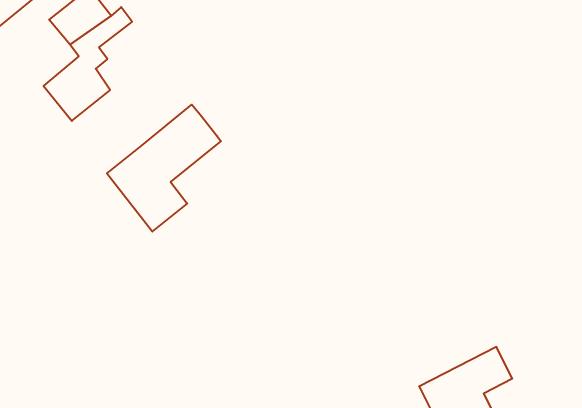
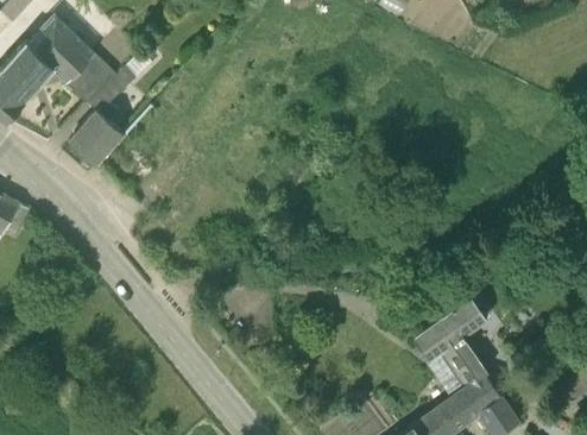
building: [107,105,221,232] -> none

